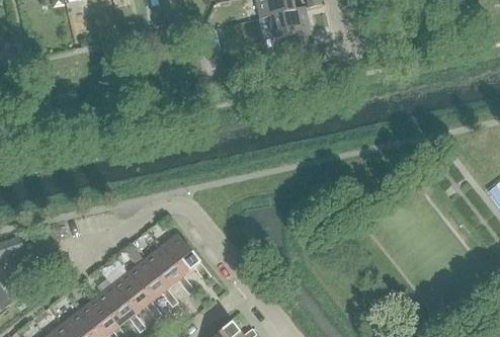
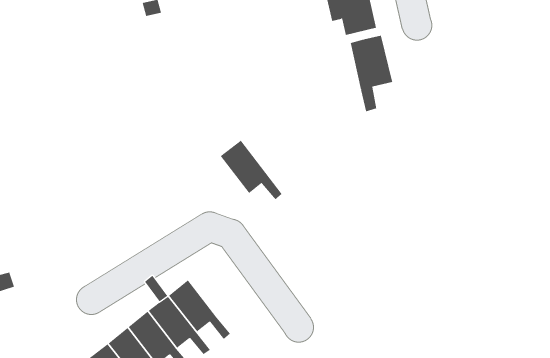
building: none -> [350,35,393,112]
building: [160,234,211,282] -> [220,140,283,200]

